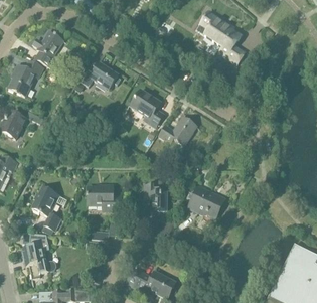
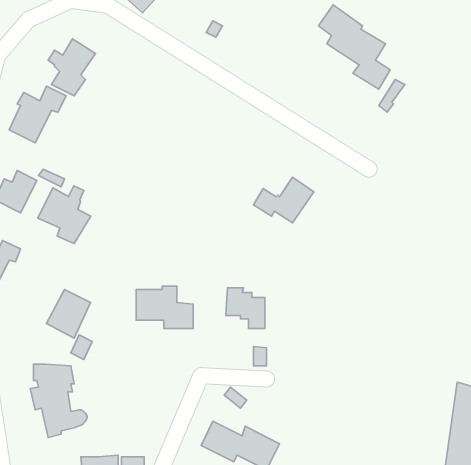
building: [78,64,118,89] -> none
building: [130,89,164,126] -> none
building: none -> [38,186,91,244]
building: [190,187,224,217] -> none

